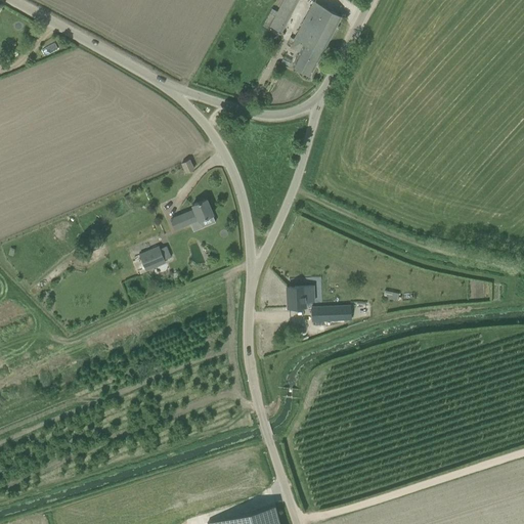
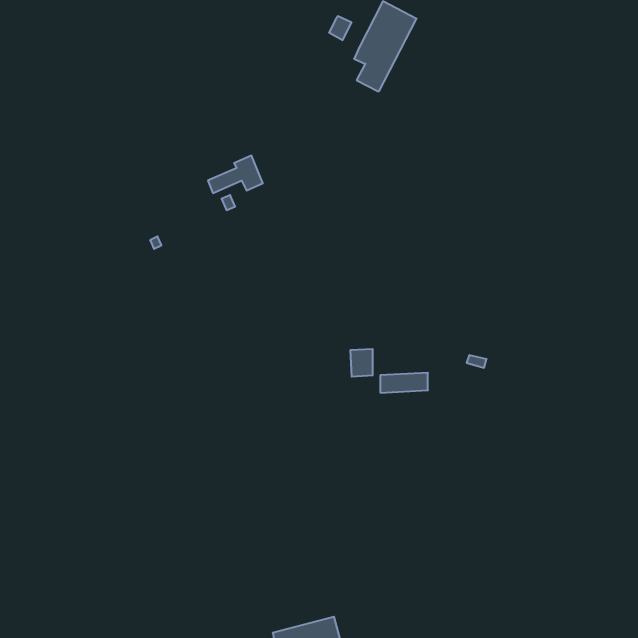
building: [170,200,215,230] -> [208,156,263,193]
building: [138,247,165,271] -> none

